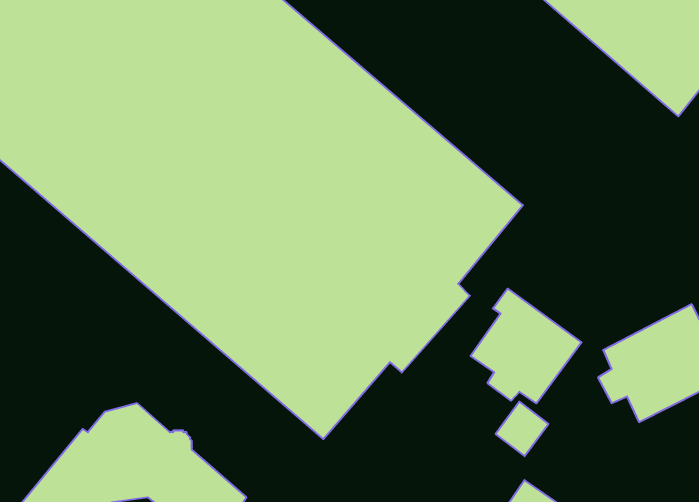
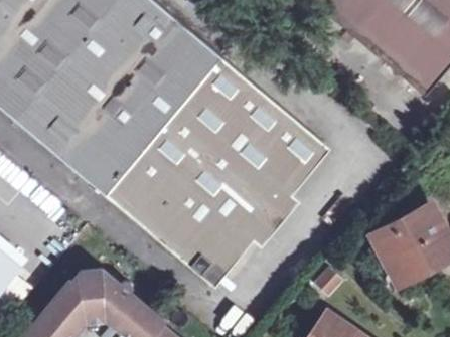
building: [471,289,582,403] -> none

